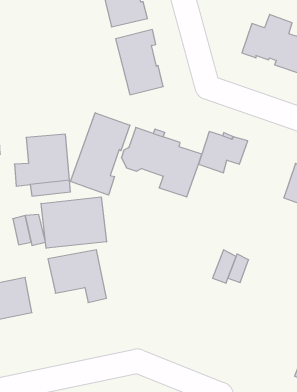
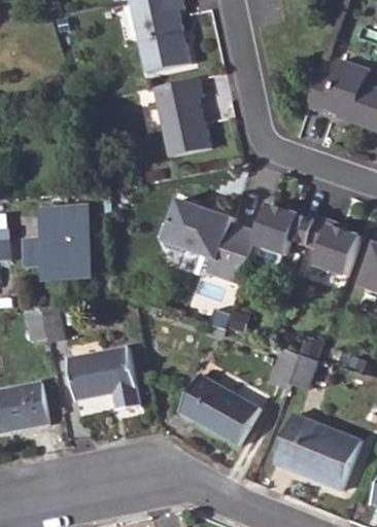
building: [70,113,130,195] -> none
building: none -> [303,213,357,273]
building: [41,197,106,248] -> none
building: none -> [179,374,260,446]
building: none -> [273,413,361,489]

